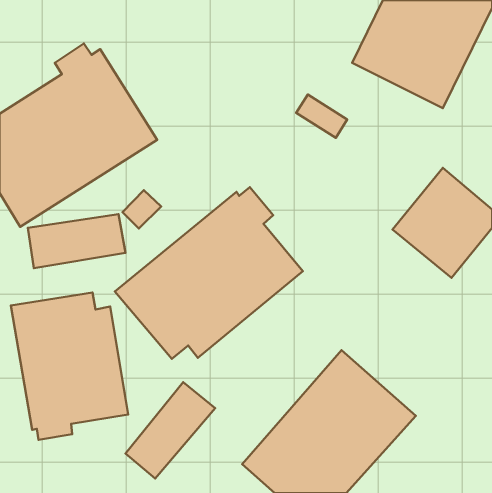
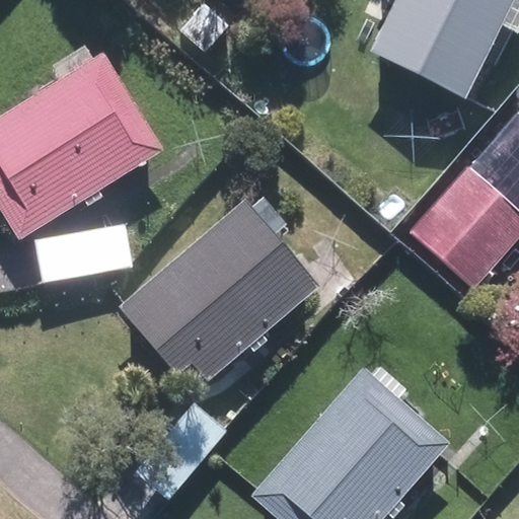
building: [11,293,128,440] -> none

